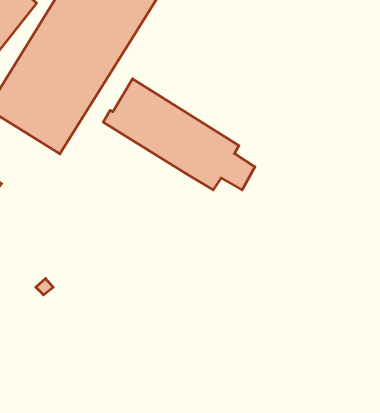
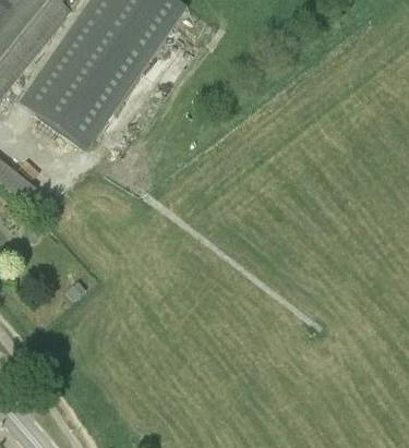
building: [103,79,255,190] -> none

